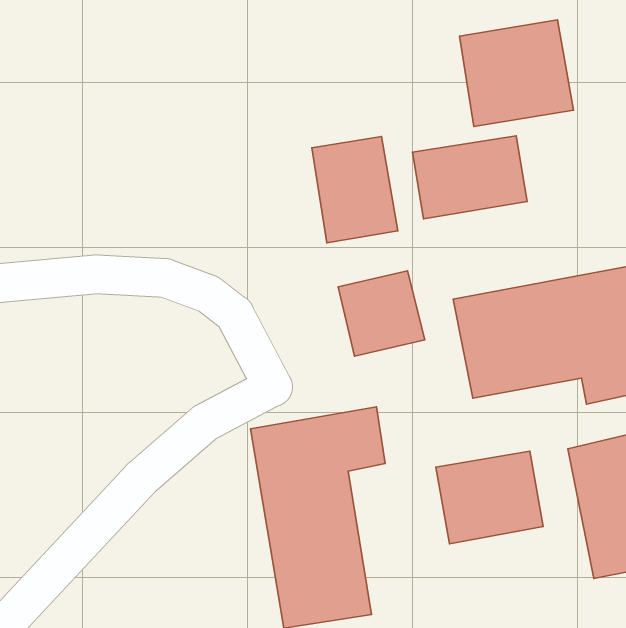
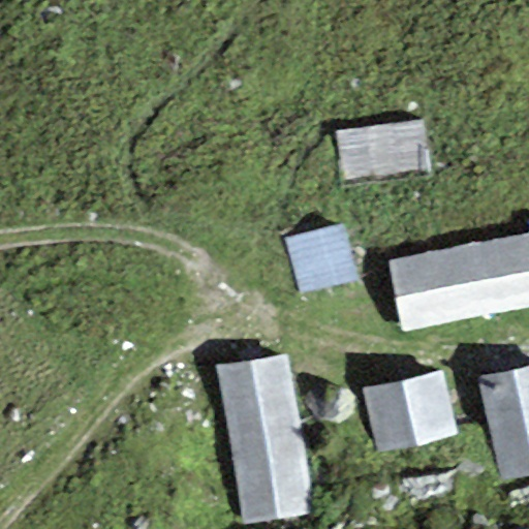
building: [460,20,573,127] -> none
building: [312,136,398,243] -> none

